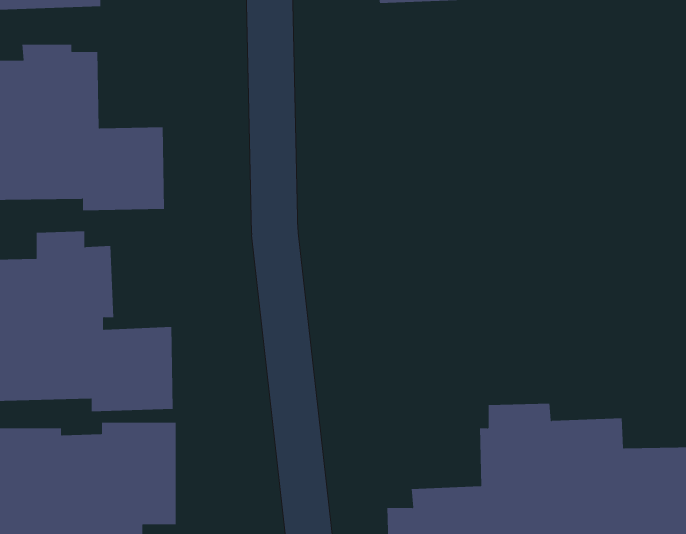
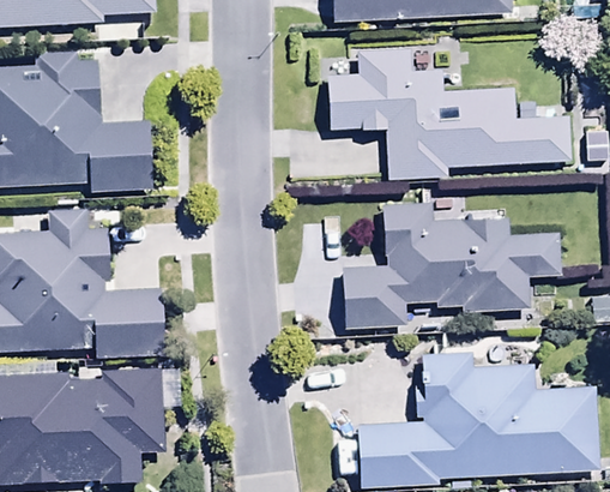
building: none -> [327,50,570,180]
building: none -> [342,184,560,326]

